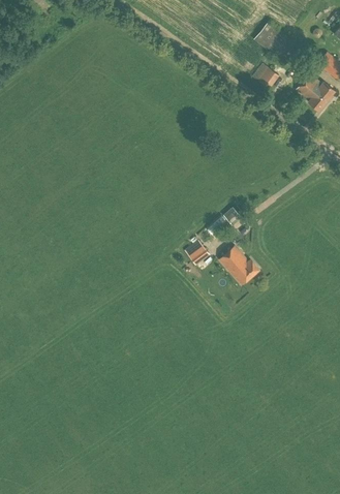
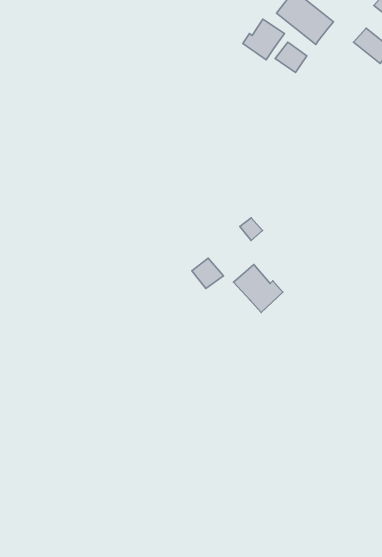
building: none -> [243,19,284,60]
building: [295,73,334,112] -> none

